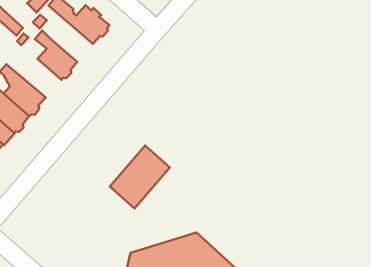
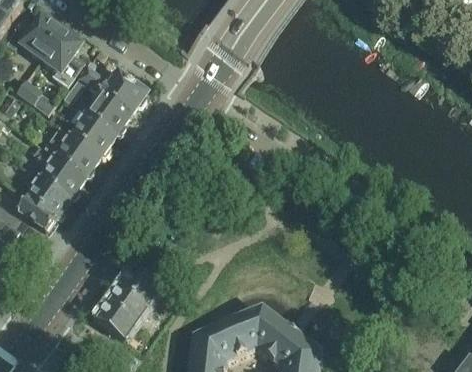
building: none -> [84,90,130,133]
building: none -> [43,125,100,175]
building: [110,146,170,208] -> [97,268,160,337]

